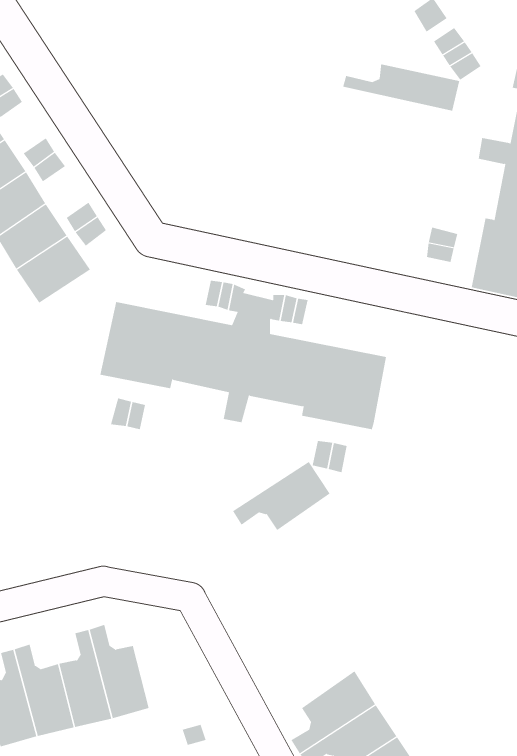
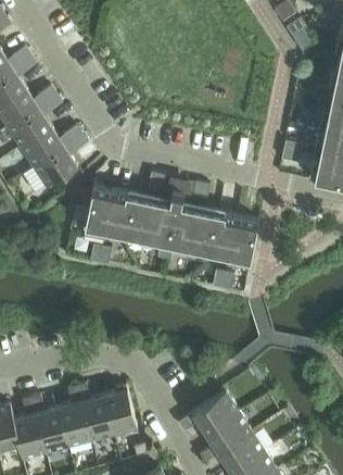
building: [342,63,460,111] -> none
building: [232,461,330,531] -> [178,392,238,435]
building: none -> [103,386,137,435]

